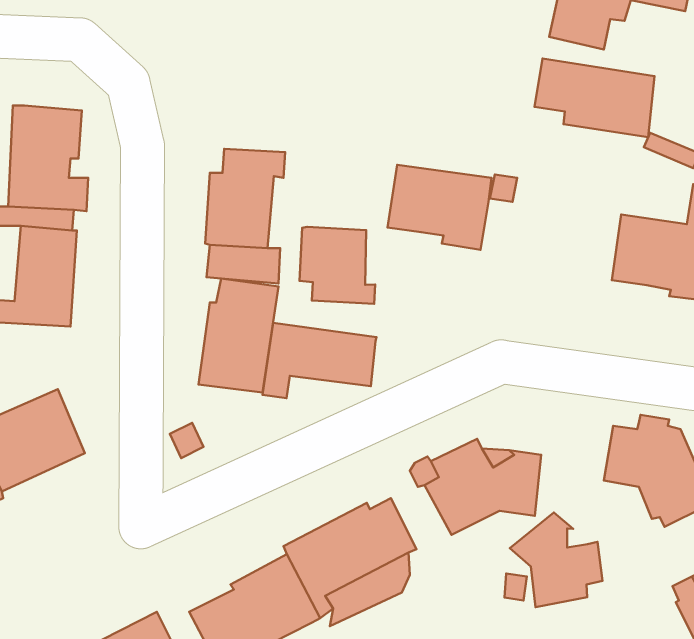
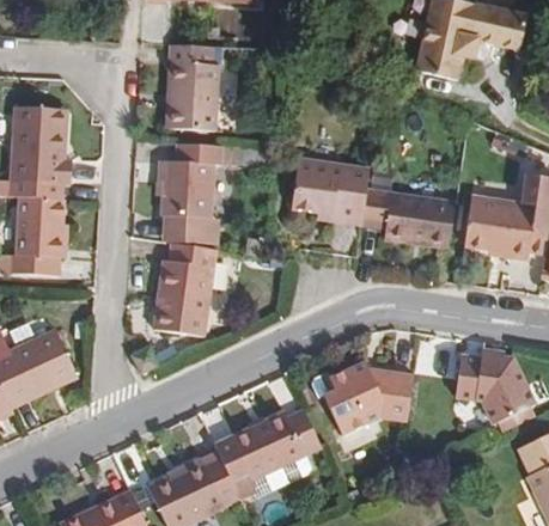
building: none -> [170,44,221,135]
building: [535,59,655,137] -> [366,185,456,244]
building: [300,227,375,304] -> none
building: [262,323,377,398] -> none
building: [510,513,603,607] -> none

